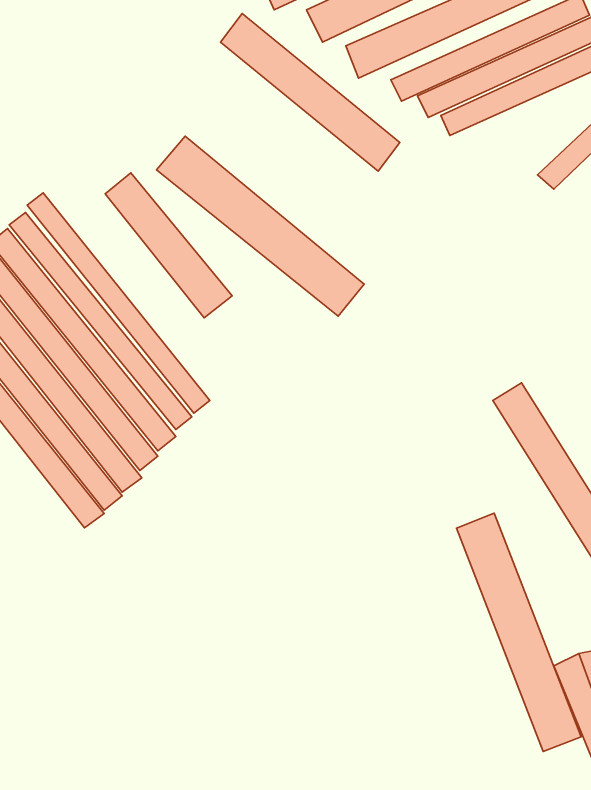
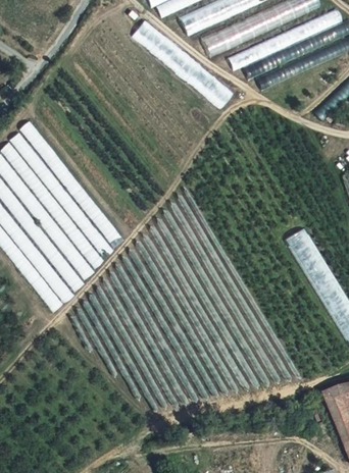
building: [157,136,364,316] -> none
building: [105,173,232,318] -> none
building: [456,513,581,752] -> none

